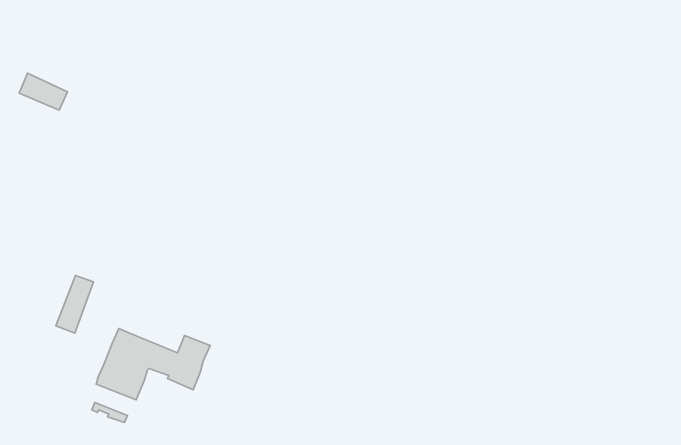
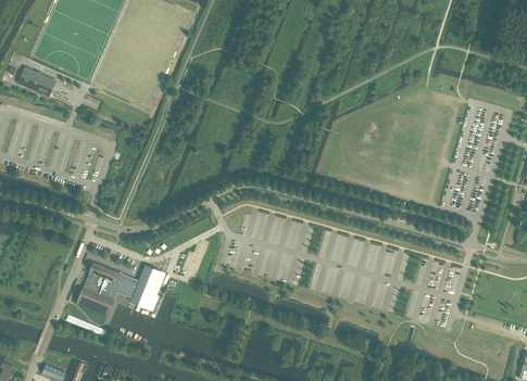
building: [56,276,93,333] -> none

